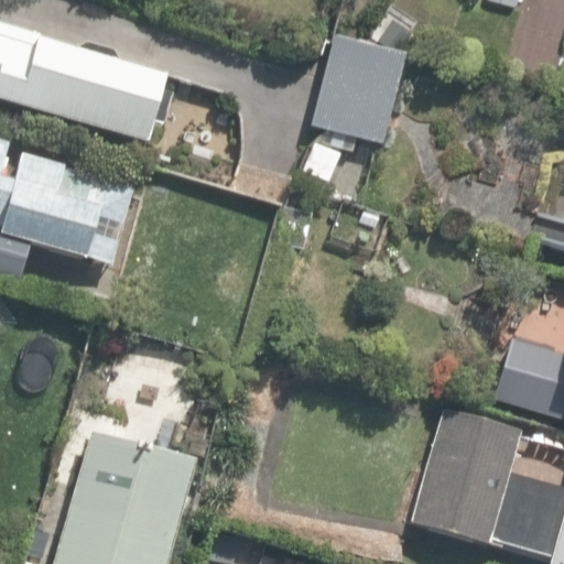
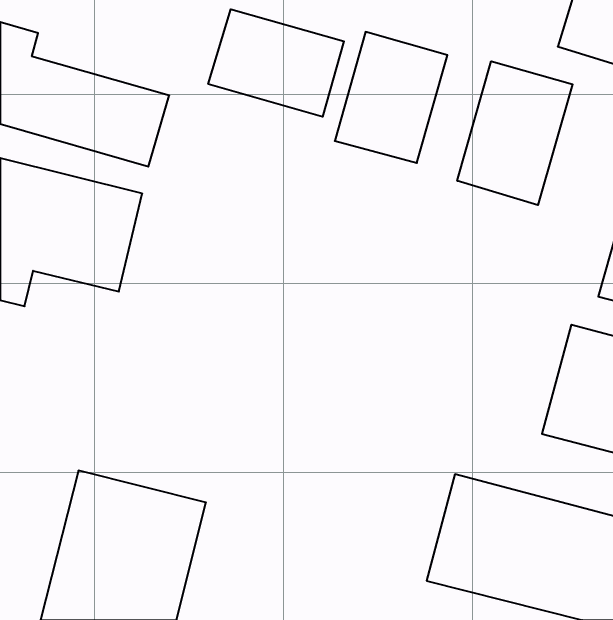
building: none -> [208,9,344,117]
building: none -> [457,61,573,205]

